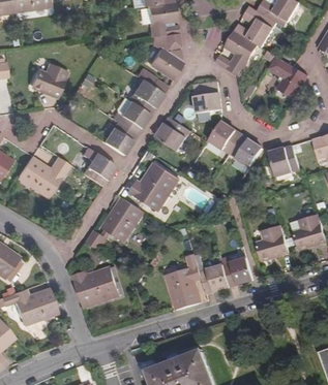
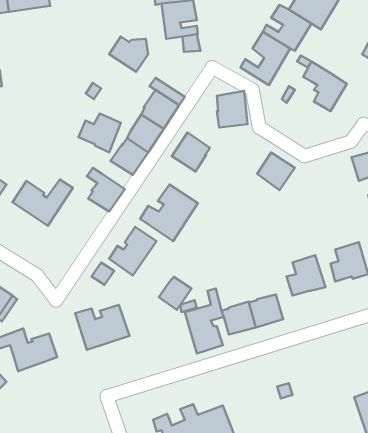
building: [148,47,182,78] -> [109,36,148,72]
building: [30,62,67,96] -> [78,113,121,152]
building: [209,121,242,153] -> none
building: [269,145,299,173] -> none
building: none -> [159,277,192,310]

